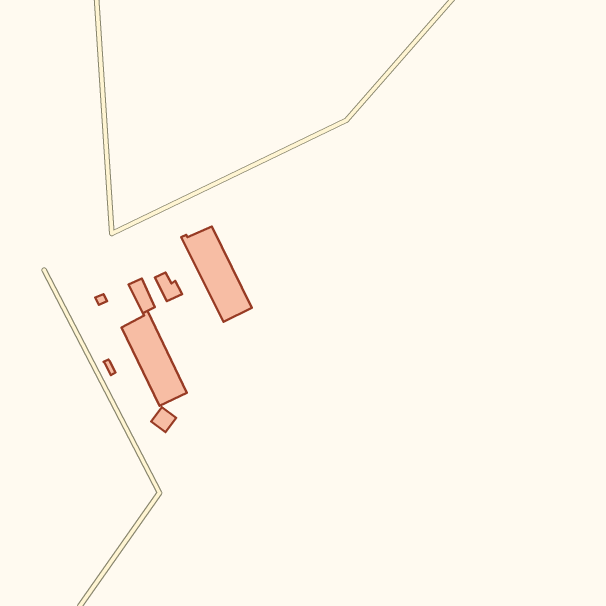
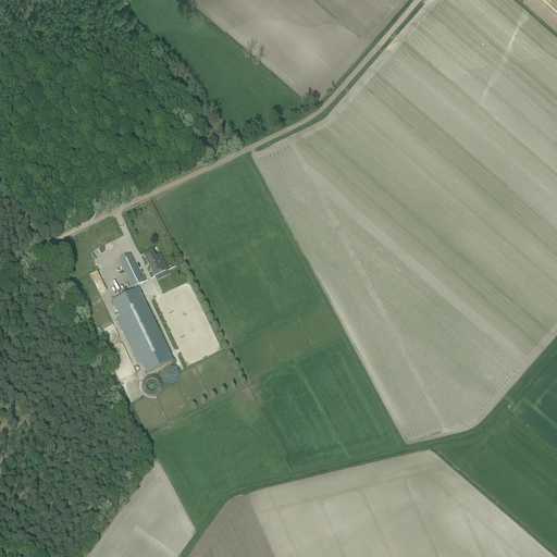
building: [181,226,252,322] -> none

